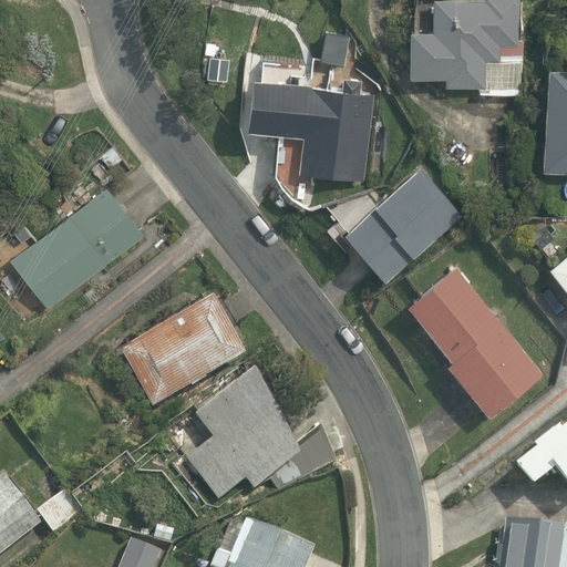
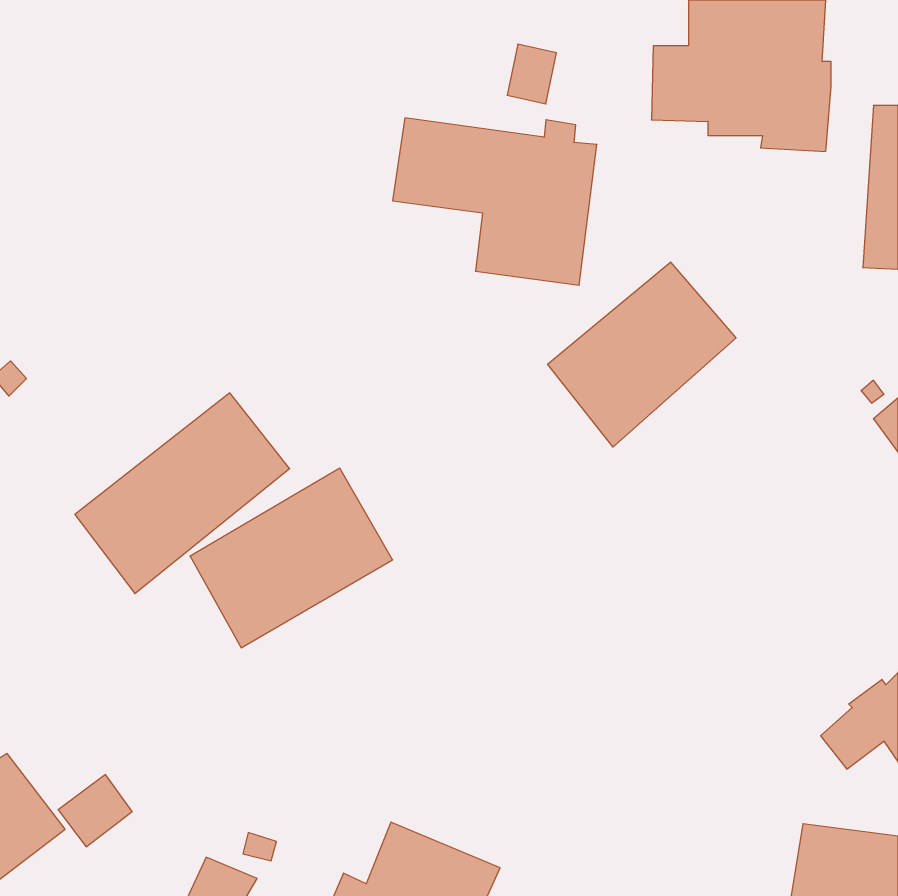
building: [10,183,145,309] -> [75,393,290,594]
building: [408,265,543,416] -> none
building: [186,369,337,503] -> none

